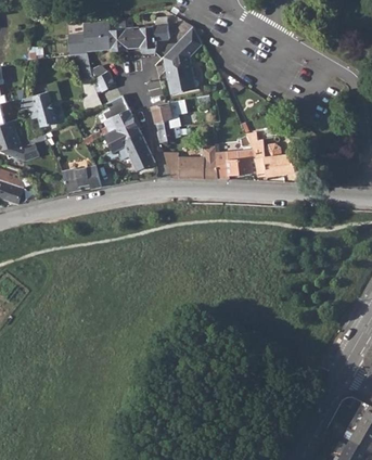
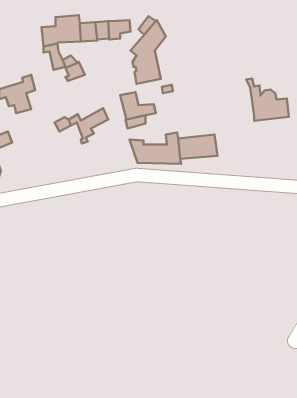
building: [104,93,134,132] -> none
building: [248,130,294,176] -> [246,78,289,121]
building: [121,131,154,170] -> none
building: [62,165,101,191] -> none

